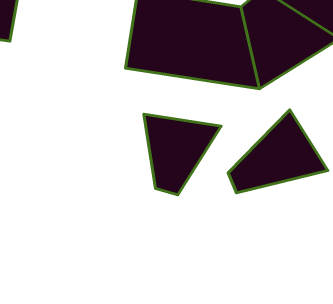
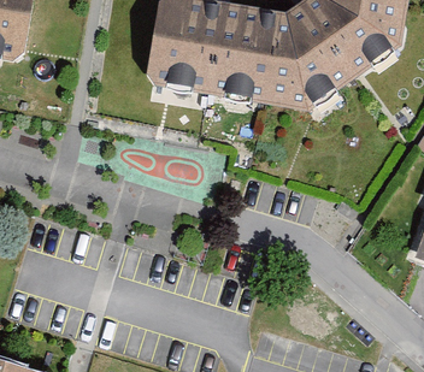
building: [228,110,328,193] -> none
building: [144,114,221,195] -> none

